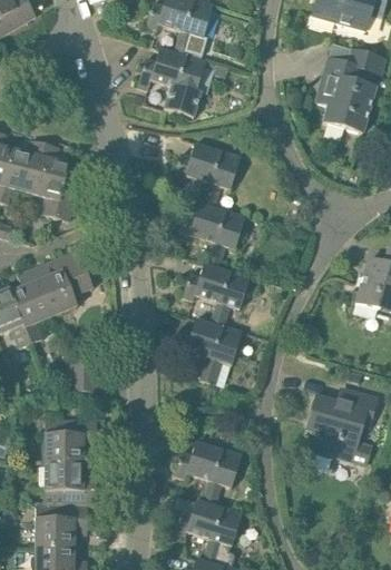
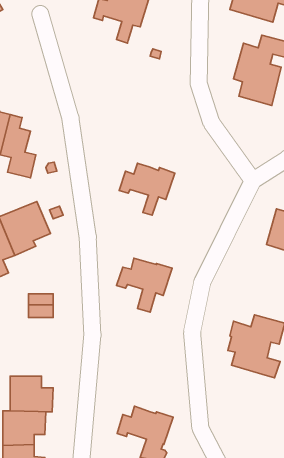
building: [137,48,206,117] -> none
building: [173,142,241,207] -> none
building: [183,263,250,326] -> none
building: [45,419,97,462] -> none
building: [175,441,242,505] -> none

